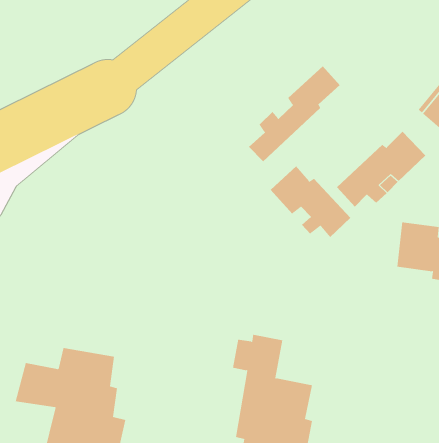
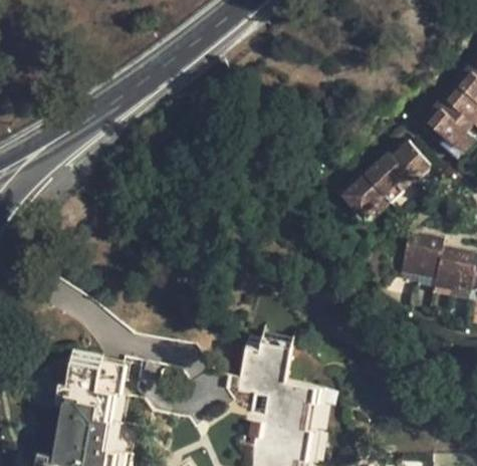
building: [248,66,341,162] -> none
building: [270,166,351,238] -> none

